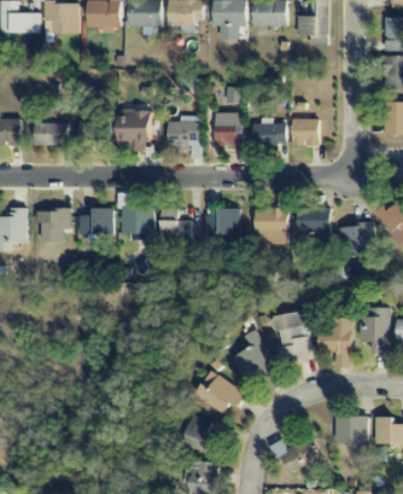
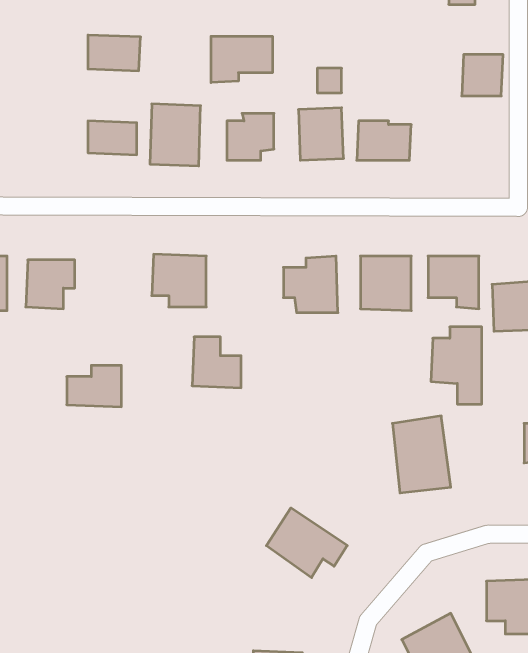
building: none -> [211,36,272,83]
building: [293,118,320,145] -> [462,55,503,96]
building: [35,122,69,145] -> [88,35,141,71]
building: [78,208,113,234] -> [67,365,121,407]
building: [160,208,192,240] -> [192,337,241,388]
building: [319,318,351,367] -> [431,327,482,404]
building: [233,330,273,378] -> none
building: [182,414,217,454] -> none

